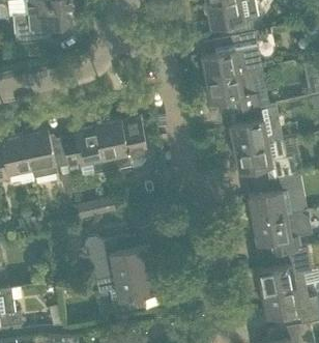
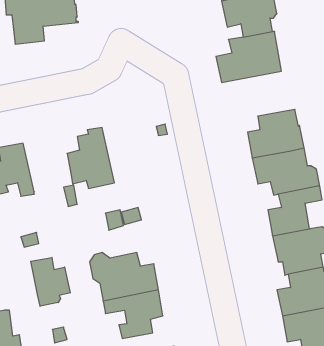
building: [206,69,268,114] -> none
building: [97,118,149,172] -> none
building: [24,131,68,180] -> none
building: none -> [31,257,70,306]

